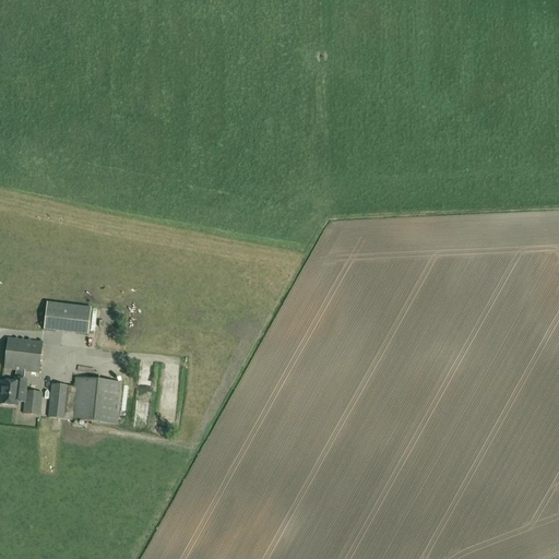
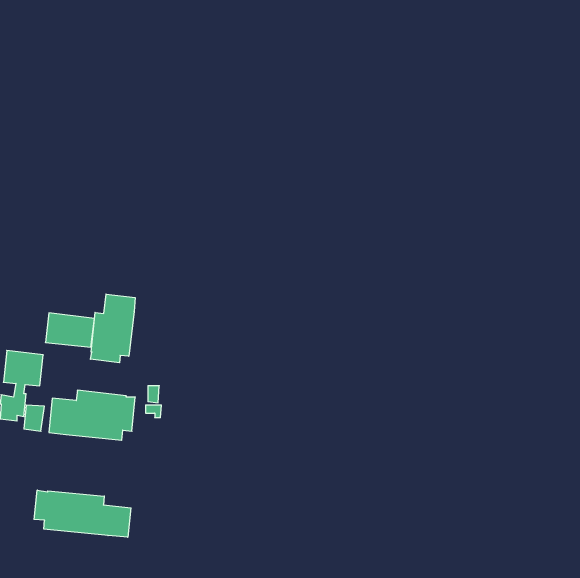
building: none -> [90,294,135,363]
building: none -> [34,490,131,537]

